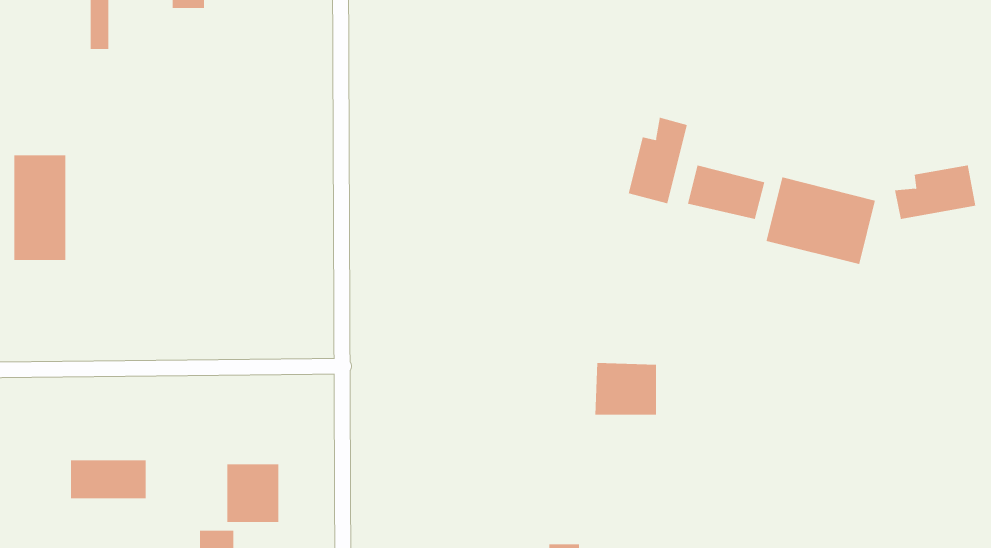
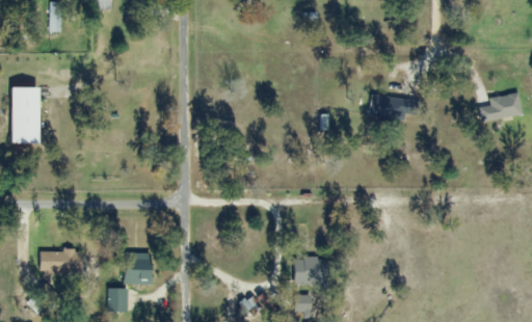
building: [628,117,687,204] -> none
building: [766,177,876,265] -> none
building: [594,362,657,415] -> [294,257,327,285]

